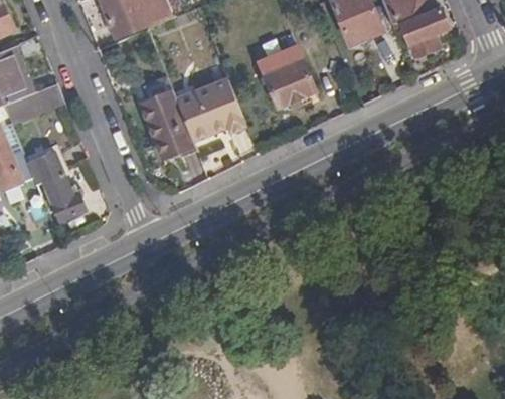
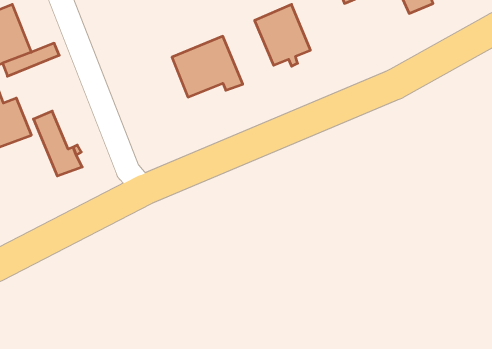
building: [141,78,194,158] -> none

